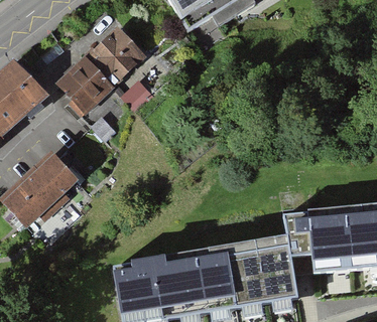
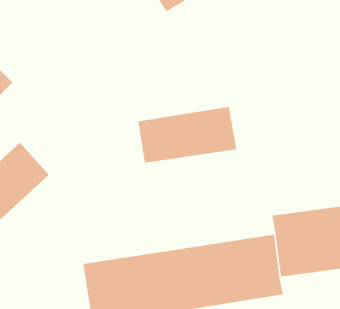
building: [58,26,148,115] -> none
building: none -> [138,106,237,164]

